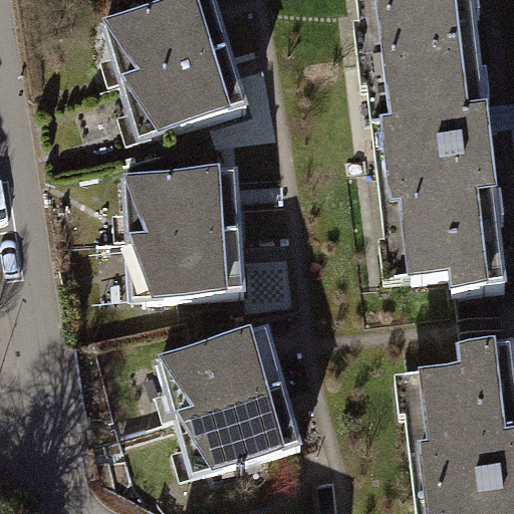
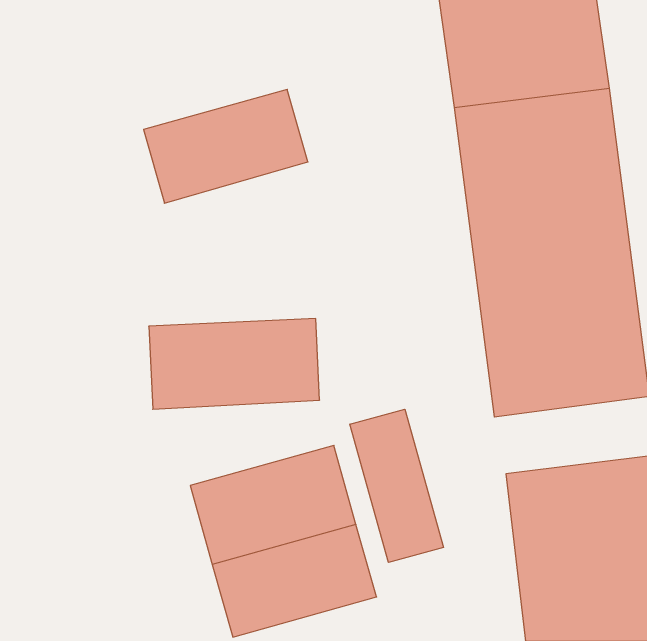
building: [105,8,234,100] -> none
building: [123,186,256,253] -> none
building: none -> [350,409,443,562]

